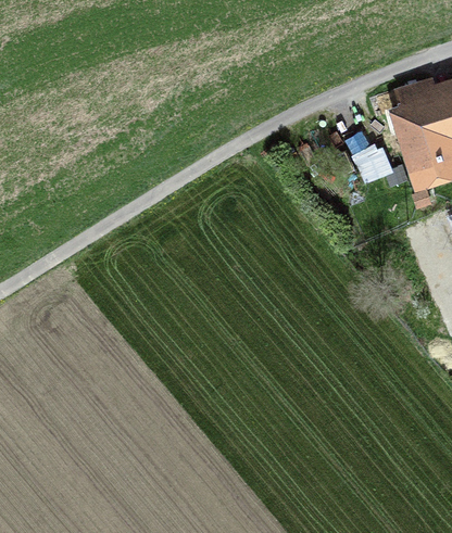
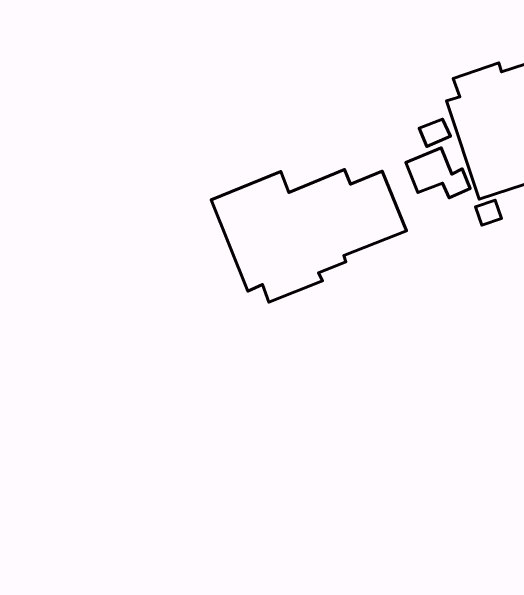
building: none -> [211,170,406,302]

